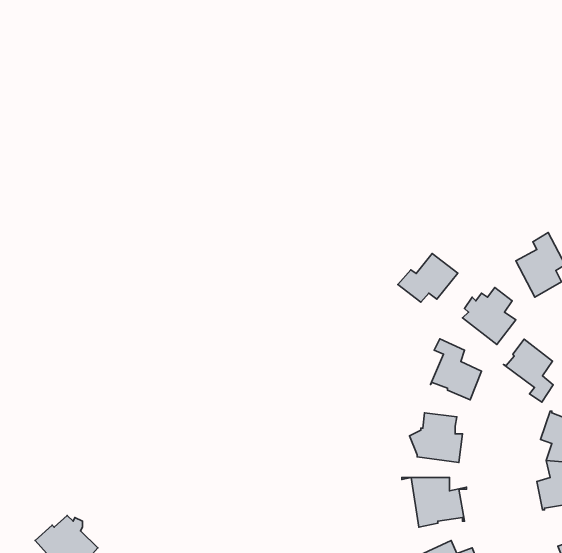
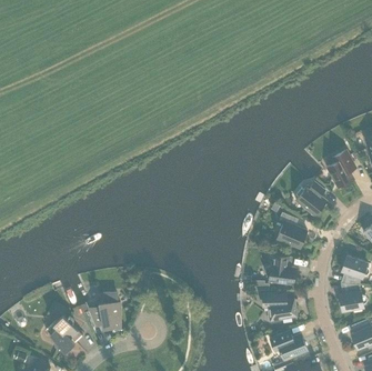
building: [398,253,458,302] -> none
building: [503,339,553,402] -> none
building: none -> [89,291,120,325]

